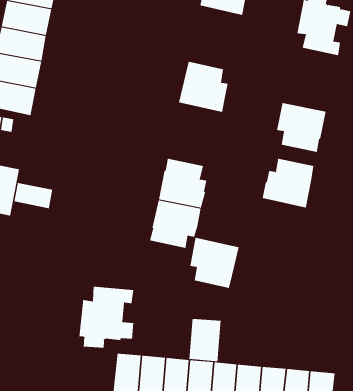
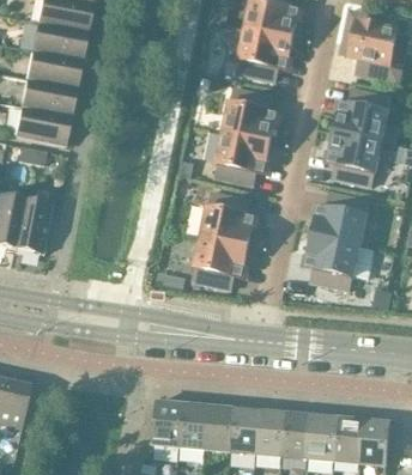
building: none -> [235,28,291,81]
building: none -> [333,89,389,141]
building: none -> [213,132,269,184]
building: [14,182,53,209] -> none
building: [189,237,240,288] -> [305,235,359,290]
building: [79,286,134,349] -> none
building: [189,318,221,362] -> none

